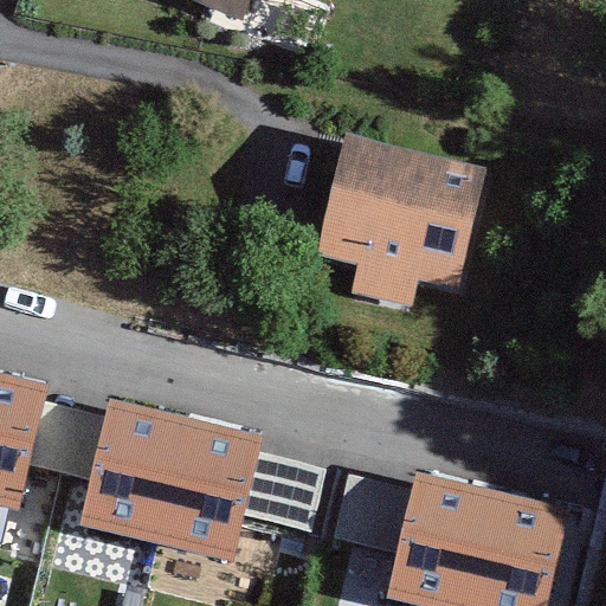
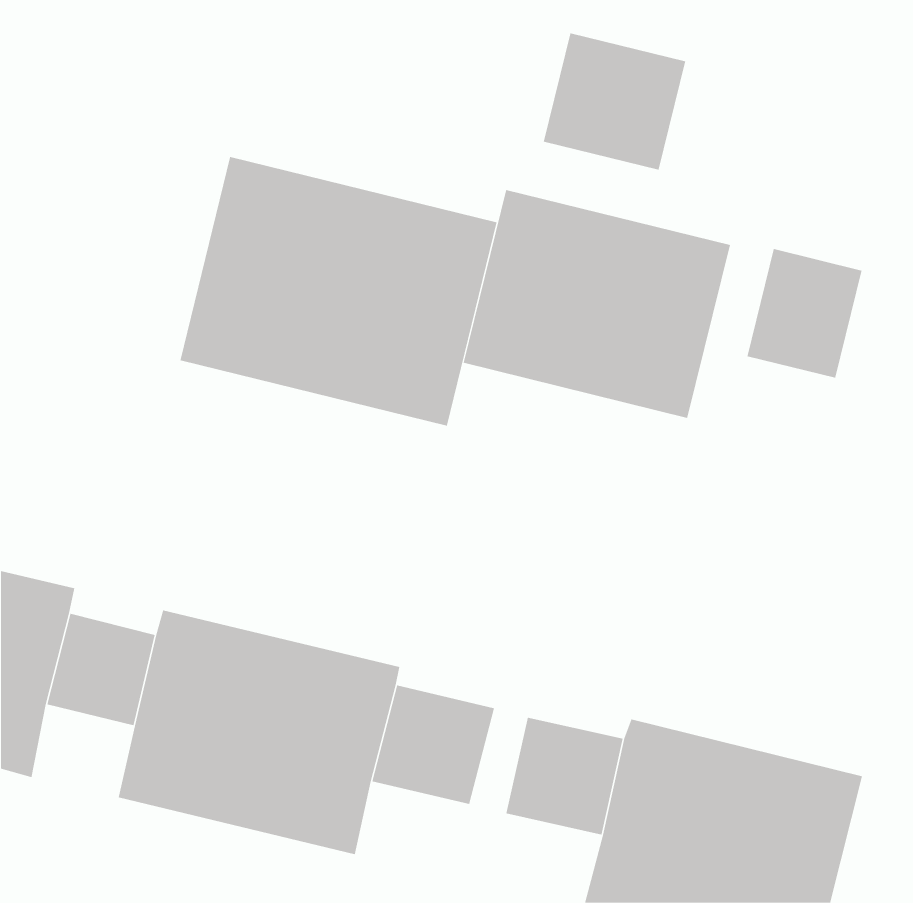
building: none -> [543,32,686,171]
building: none -> [180,156,497,427]
building: none -> [747,248,862,379]

